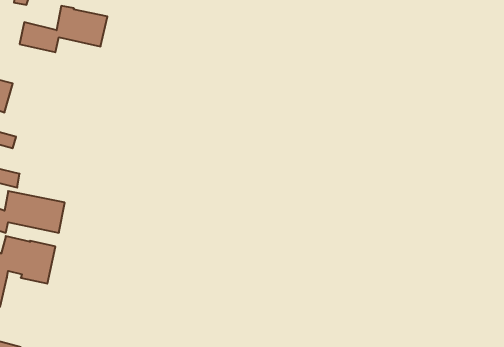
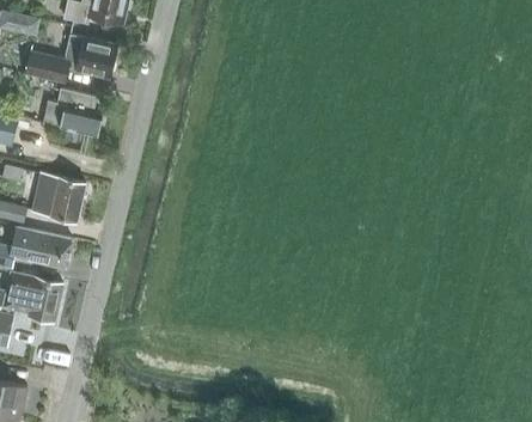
building: none -> [43,88,102,135]
building: none -> [32,173,86,221]

